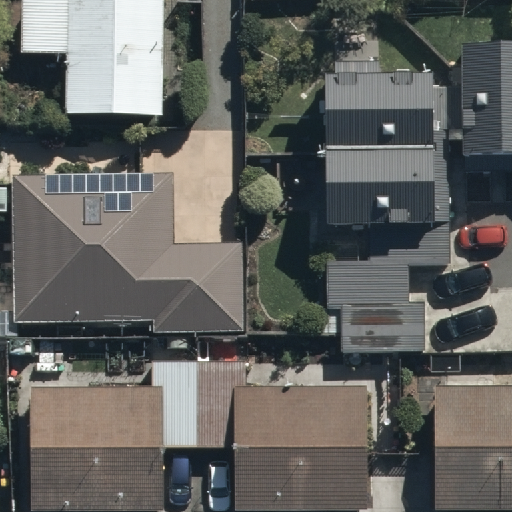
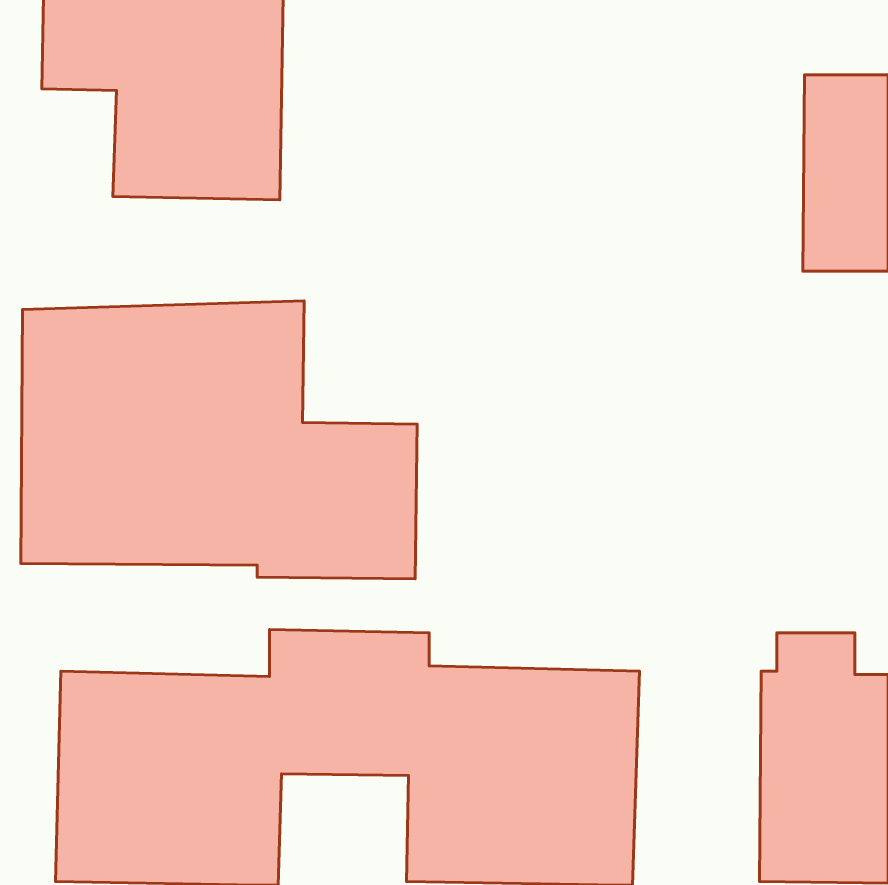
building: [327,60,447,228] -> none
building: [318,244,449,353] -> none

